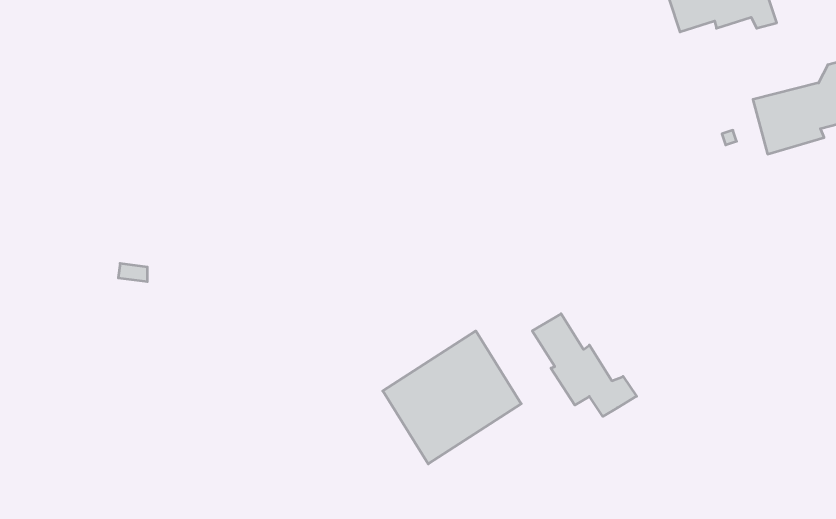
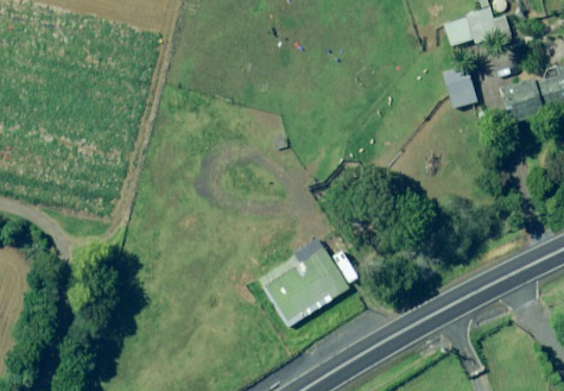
building: none -> [443,64,477,107]
building: [532,314,637,416] -> none

